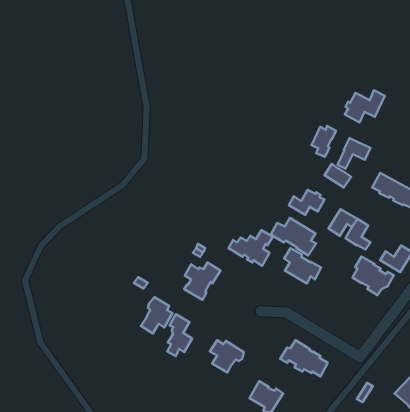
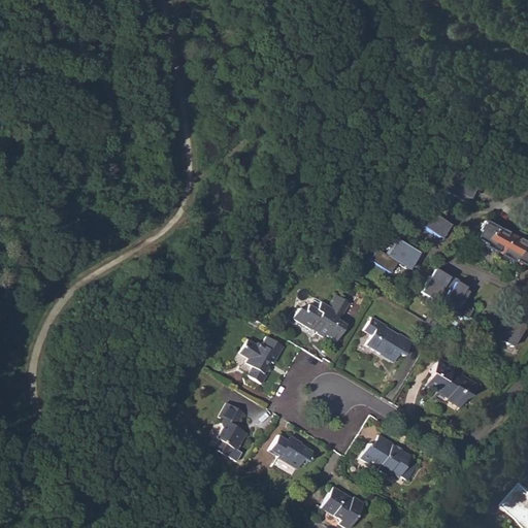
building: [345,90,385,122] -> none
building: [312,126,336,157] -> none
building: [271,218,316,256] -> none
building: [353,257,394,295] -> [428,359,481,408]
building: [141,297,172,334] -> none

